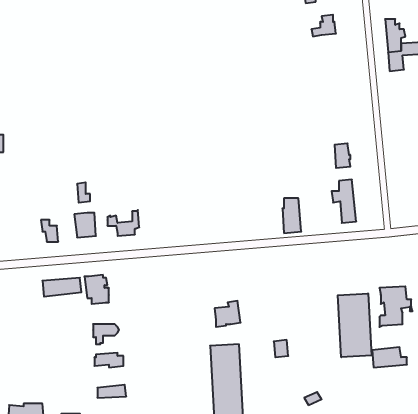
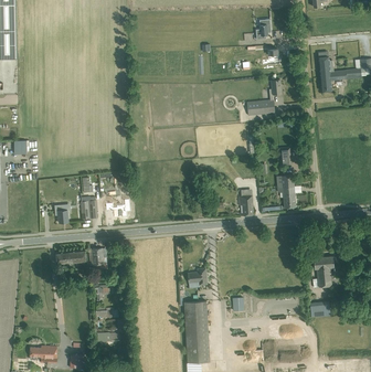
building: none -> [246,79,280,115]
building: [338,293,372,357] -> none

